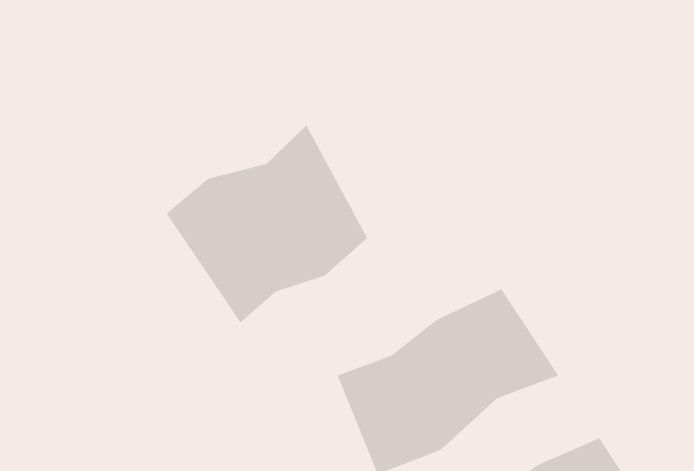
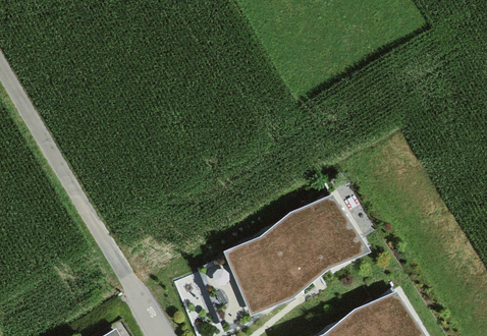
building: [166,124,368,324] -> none

